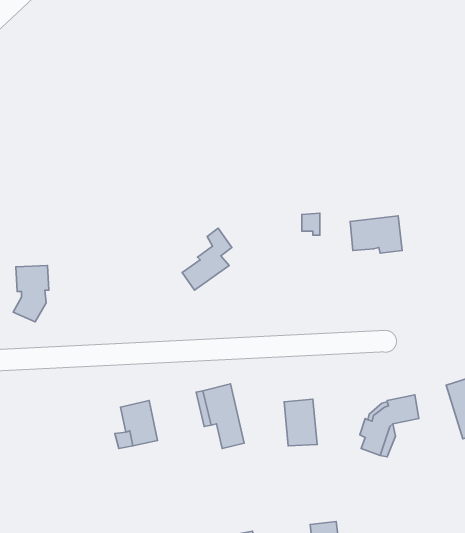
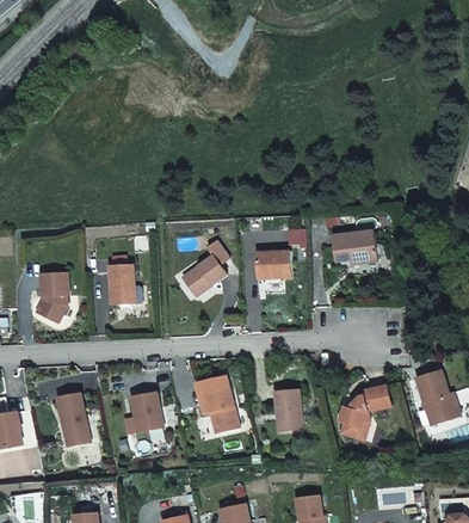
building: none -> [254,250,291,277]
building: none -> [109,264,134,303]
building: none -> [57,393,91,445]

